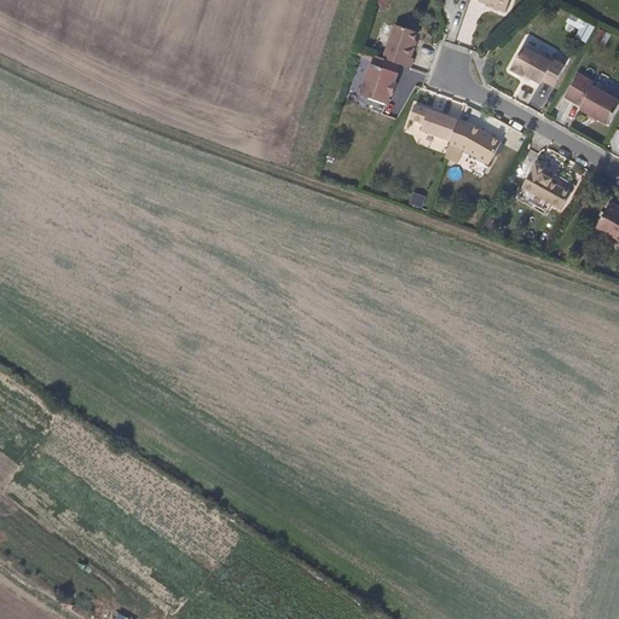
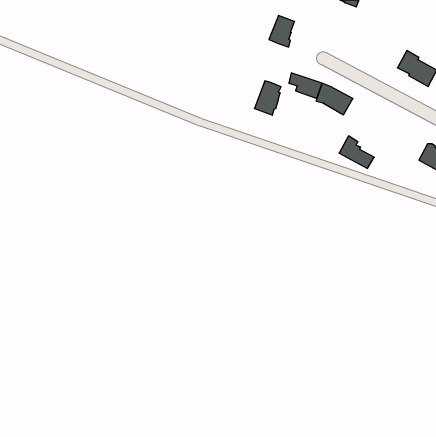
building: [510,45,563,86] -> none
building: [359,54,397,103] -> [254,81,281,115]
building: [521,162,571,208] -> [339,136,374,168]

